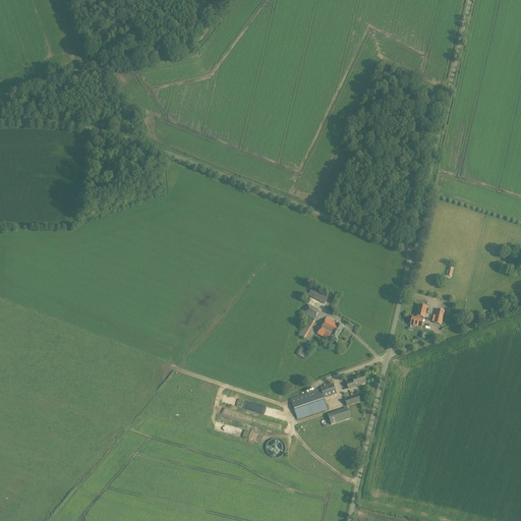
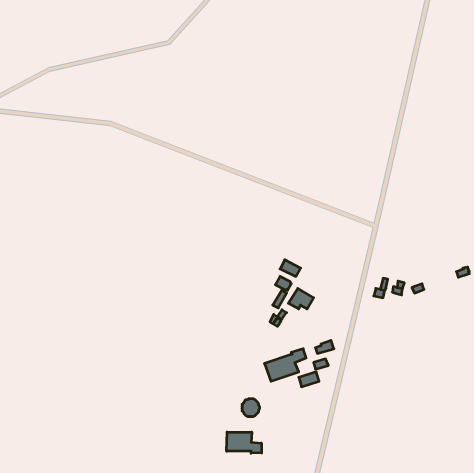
building: none -> [227,432,262,453]

